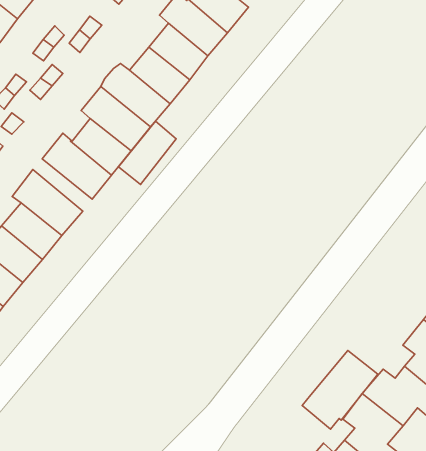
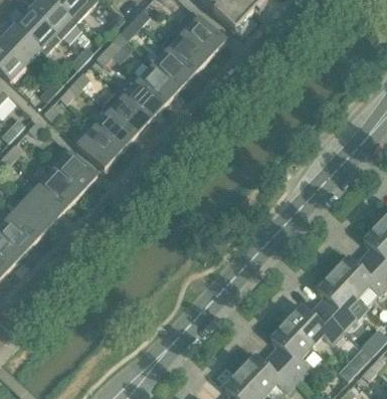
building: [118,121,176,184] -> none
building: [302,350,378,429] -> none

